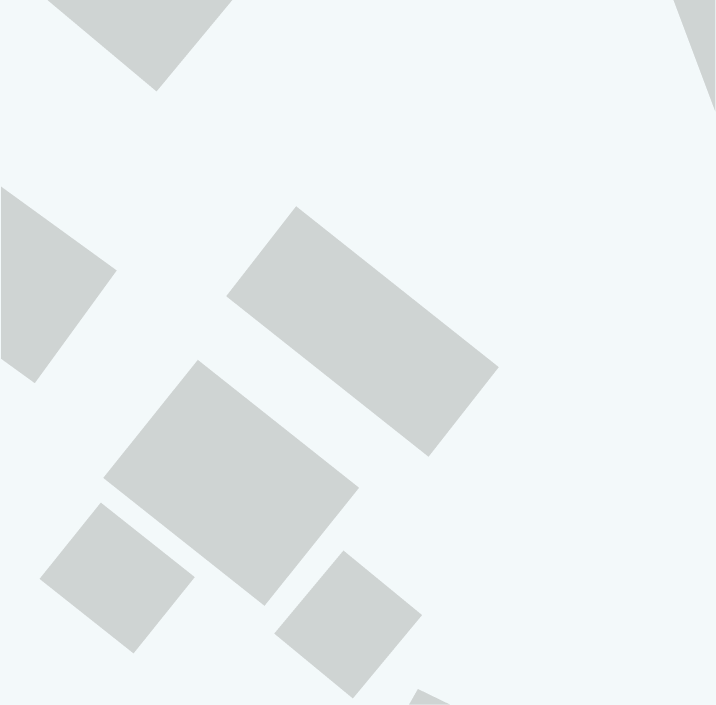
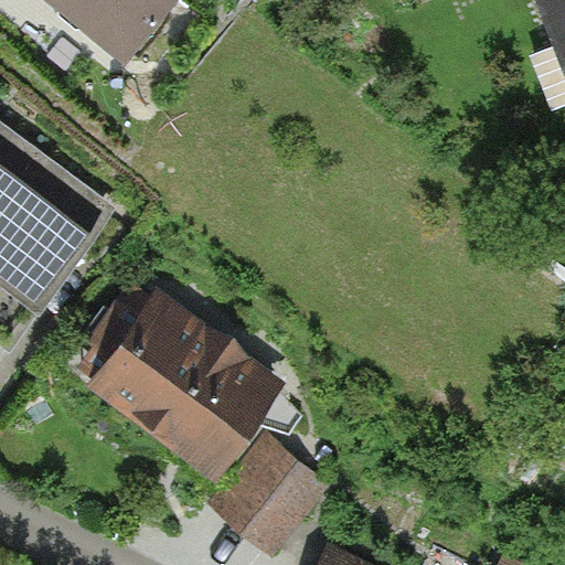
building: [225,205,500,458] -> none
building: [38,501,196,655] -> none

